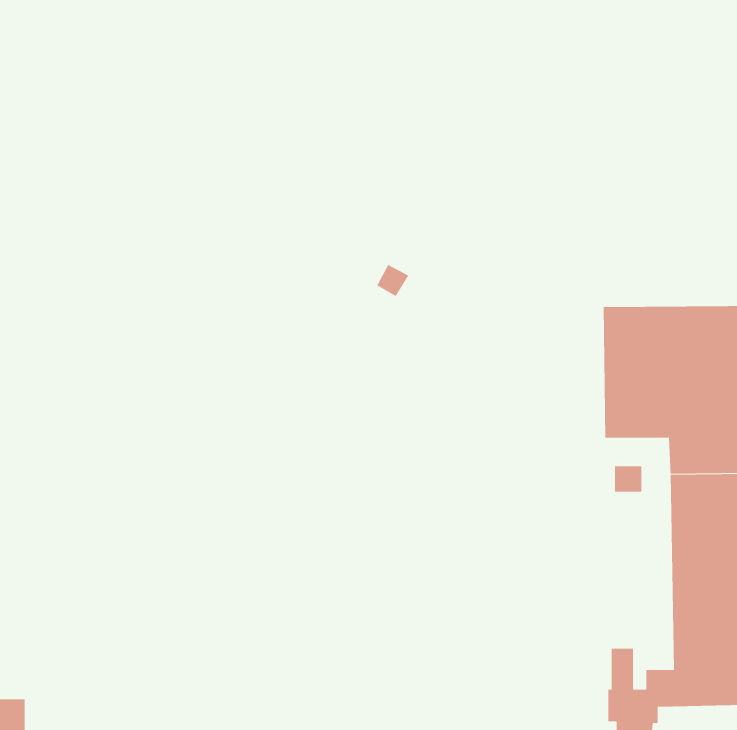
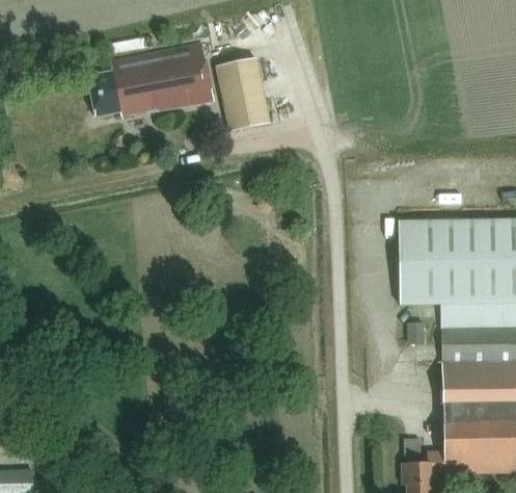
building: none -> [86,40,214,115]
building: none -> [218,57,271,130]

